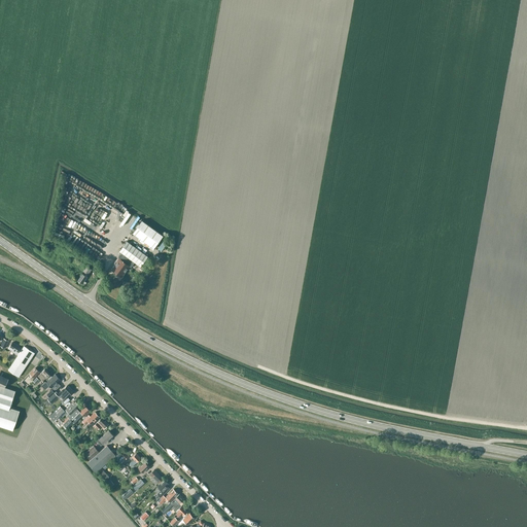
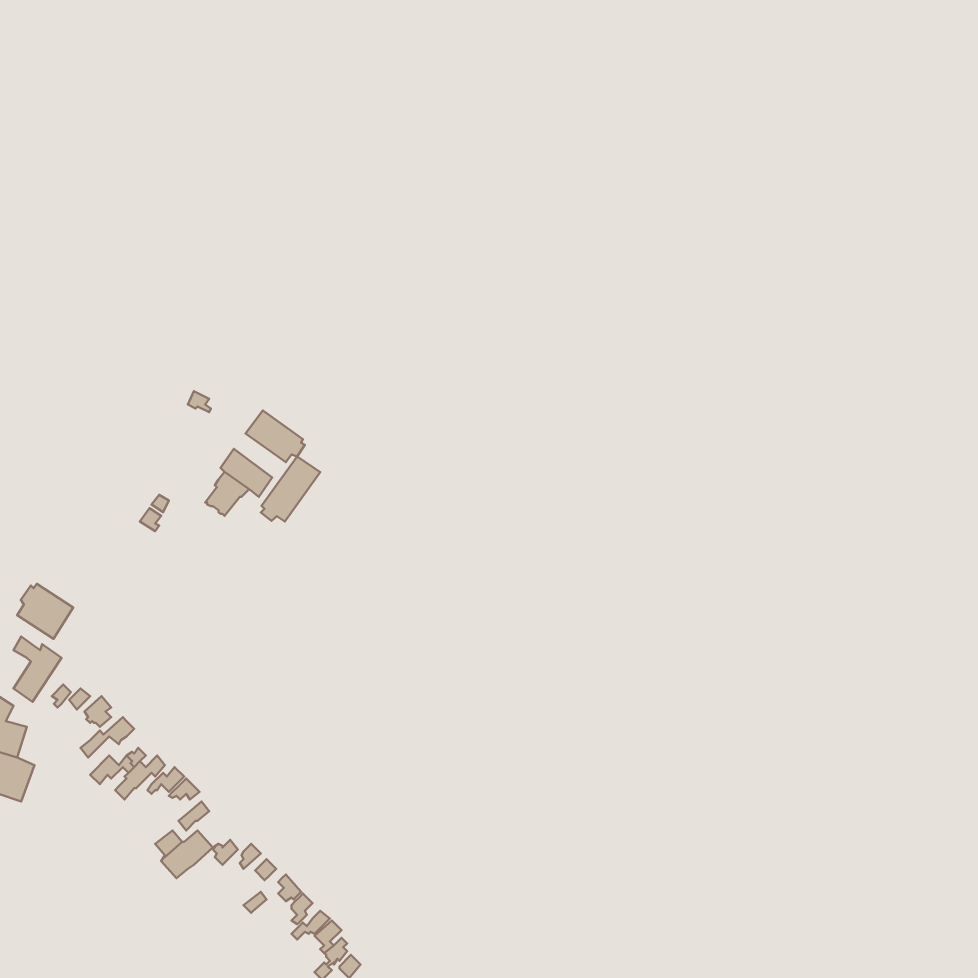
building: none -> [261,456,320,521]
building: none -> [17,584,73,639]

